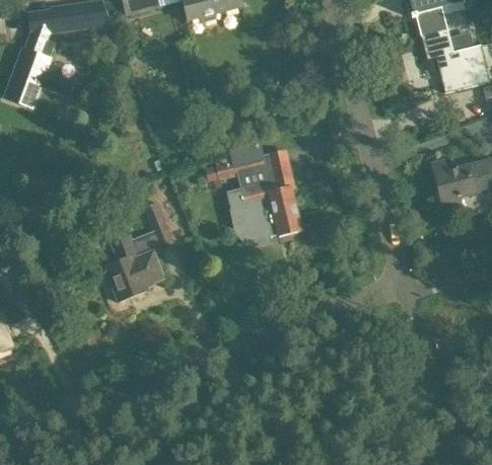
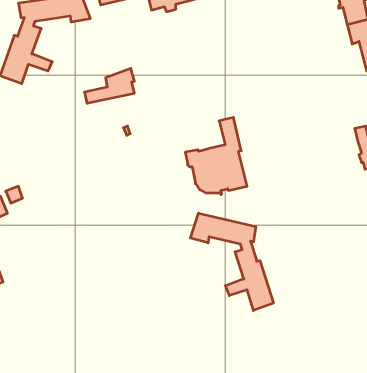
building: [205,137,265,178] -> [84,68,134,103]
building: [103,205,173,304] -> none
building: none -> [190,213,273,311]

